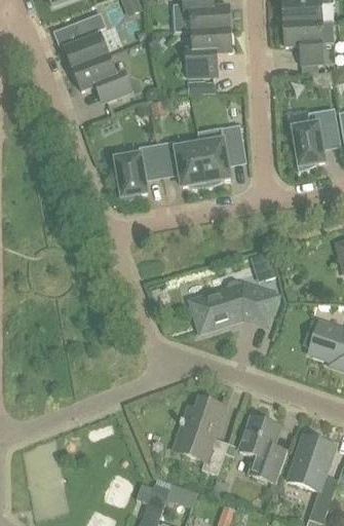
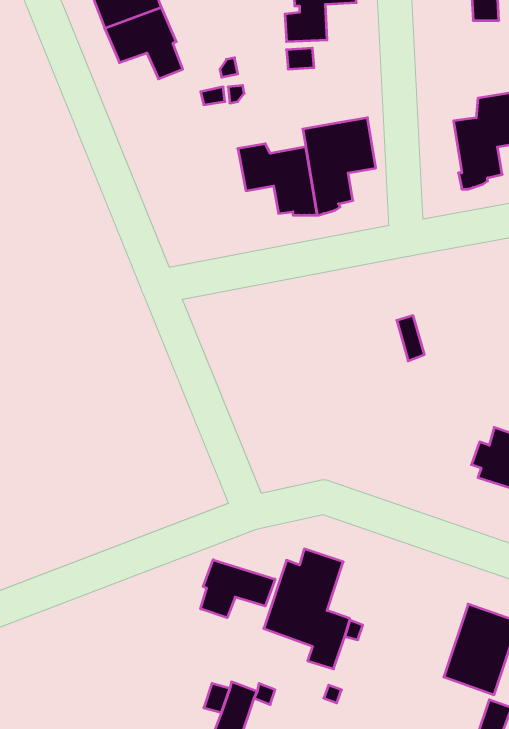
building: [116,144,162,201] -> none
building: [190,278,278,332] -> none
building: none -> [201,560,275,618]
building: [238,415,286,482] -> none

